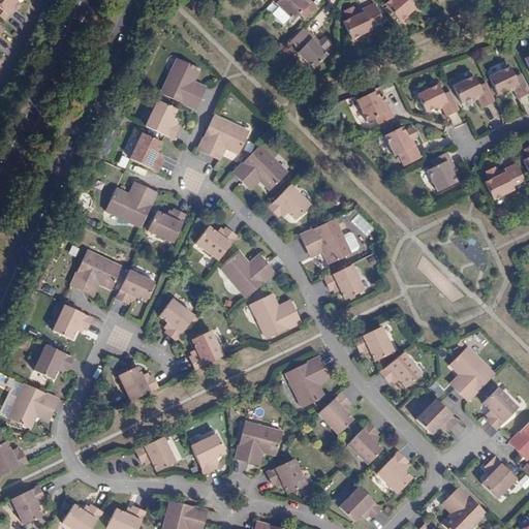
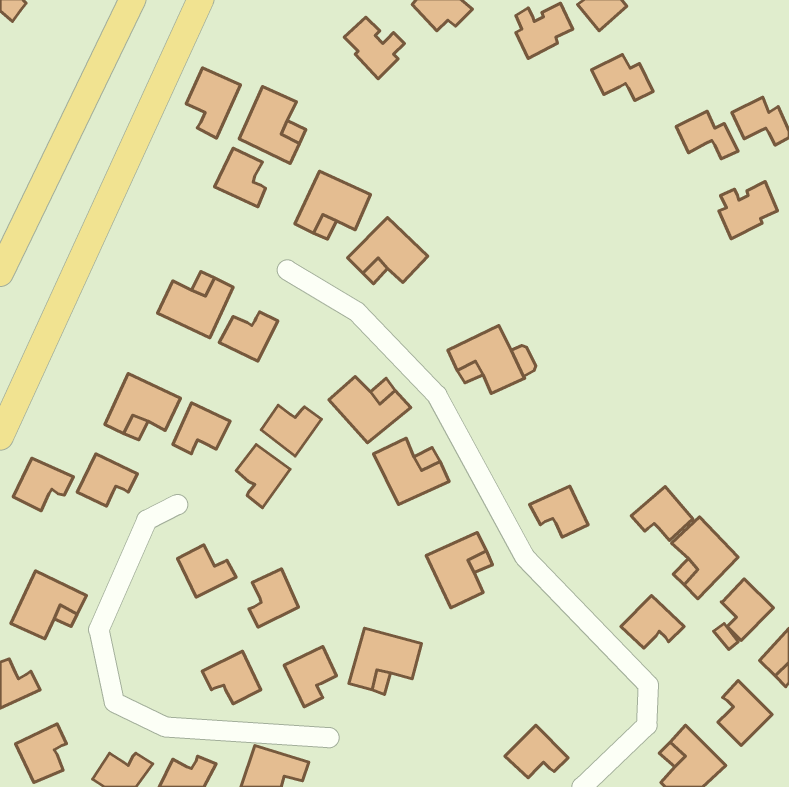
building: [291,27,332,68] -> [344,17,404,79]
building: none -> [186,68,241,138]
building: [416,85,458,116] -> [592,54,653,101]
building: [356,90,394,124] -> none
building: [383,125,421,165] -> none
building: [129,132,163,172] -> none
building: [427,152,457,191] -> none
building: [485,161,524,199] -> [719,182,778,239]
building: [268,184,310,220] -> none
building: [195,226,236,260] -> [261,405,322,456]
building: [323,264,363,299] -> none
building: [189,330,222,369] -> [249,569,298,627]
building: [33,344,73,379] -> [13,458,74,511]
building: [380,351,422,387] -> [631,487,693,541]
building: [318,393,352,434] -> none
building: [347,422,382,464] -> none
building: [376,450,411,493] -> none
building: [263,458,305,493] -> none

